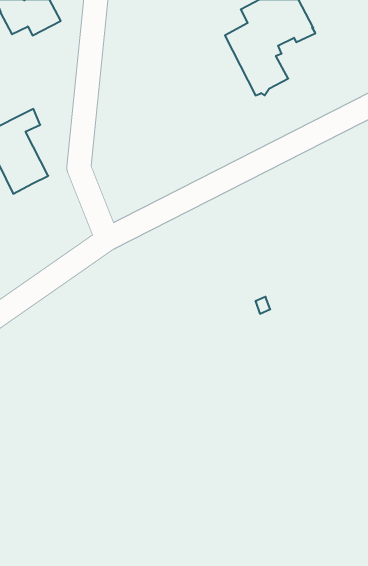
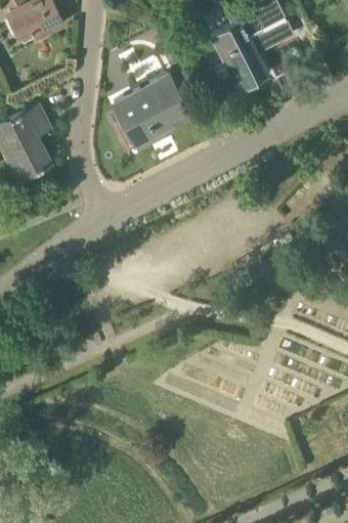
building: none -> [114,77,188,139]

